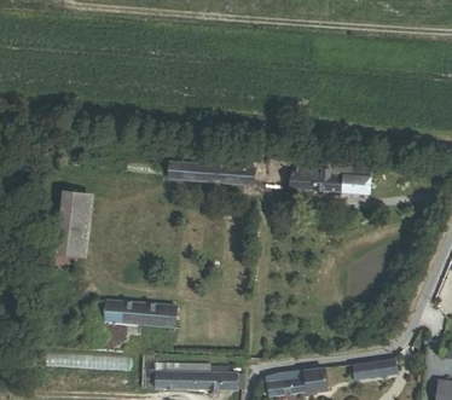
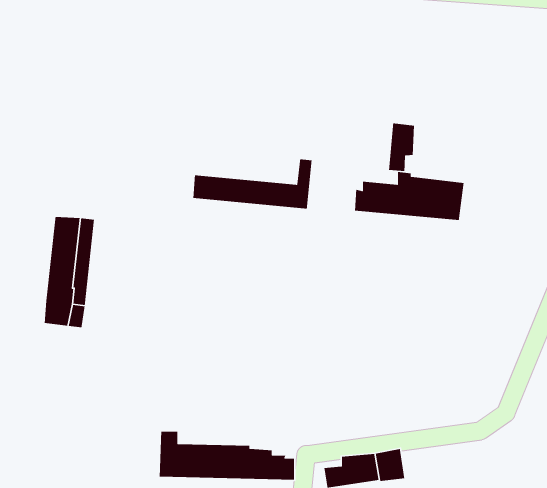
building: none -> [388,122,415,172]
building: [104,298,178,326] -> none
building: [353,358,399,379] -> none

